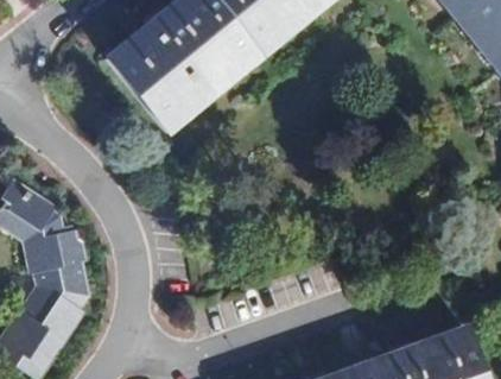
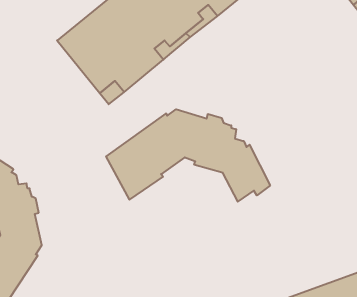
building: none -> [106,109,270,202]

